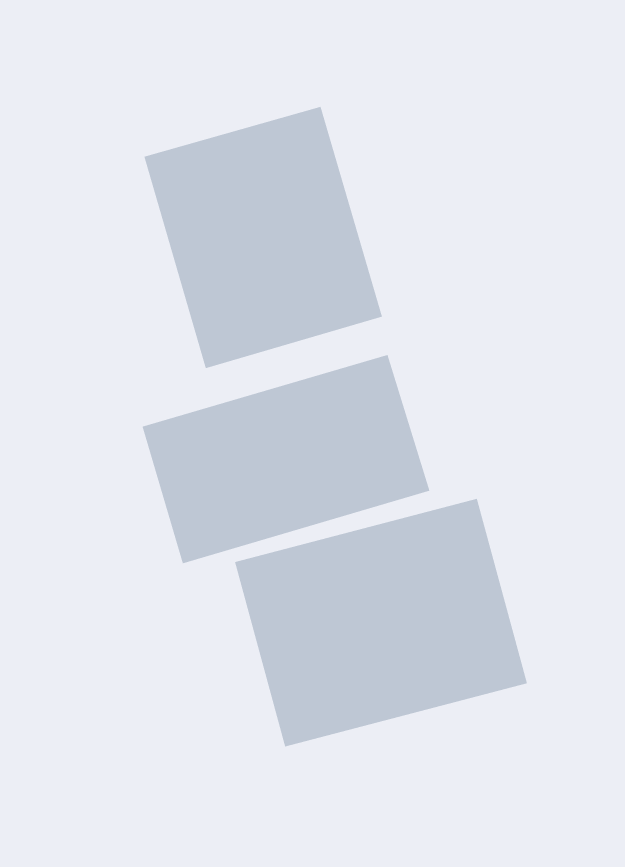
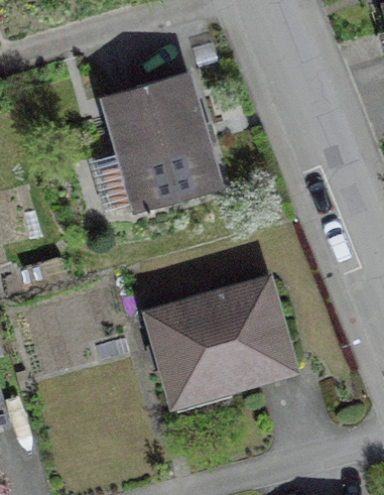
building: [142,354,430,564] -> none

